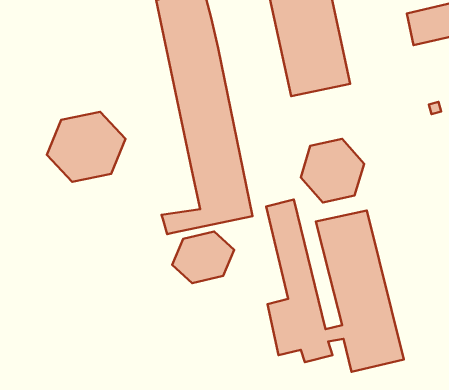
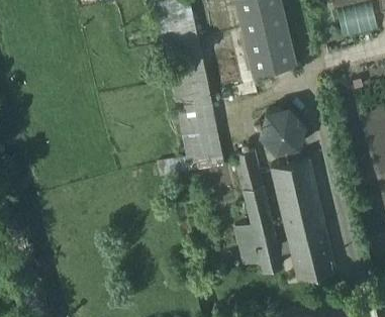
building: [47,112,125,182] -> none
building: [172,231,234,283] -> none

